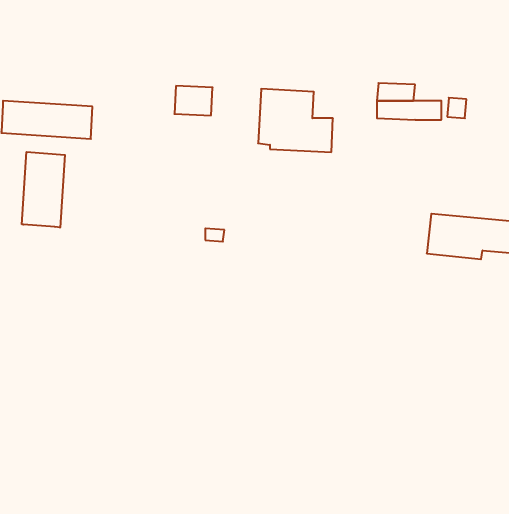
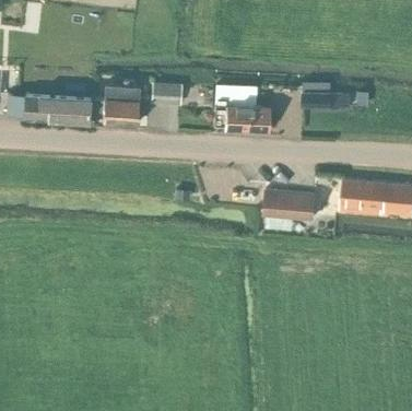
building: none -> [95,84,139,124]
building: [22,152,65,228] -> none
building: none -> [263,189,316,219]

